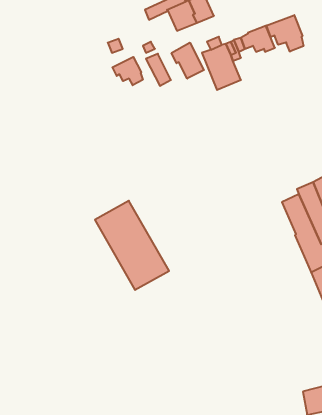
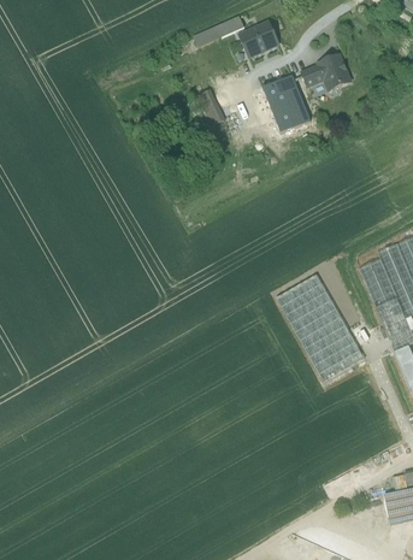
building: [266,15,303,52] -> none
building: [172,43,204,79] -> none
building: [112,57,143,85] -> none
building: [95,201,169,290] -> [277,276,366,383]

